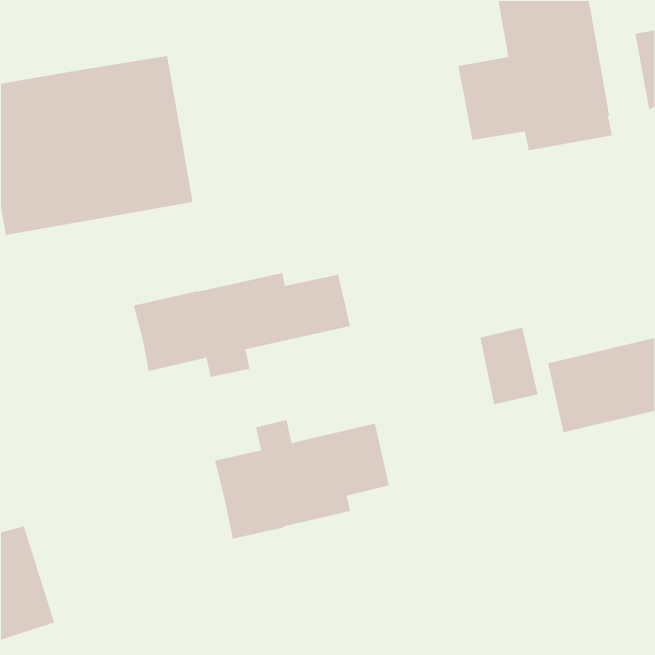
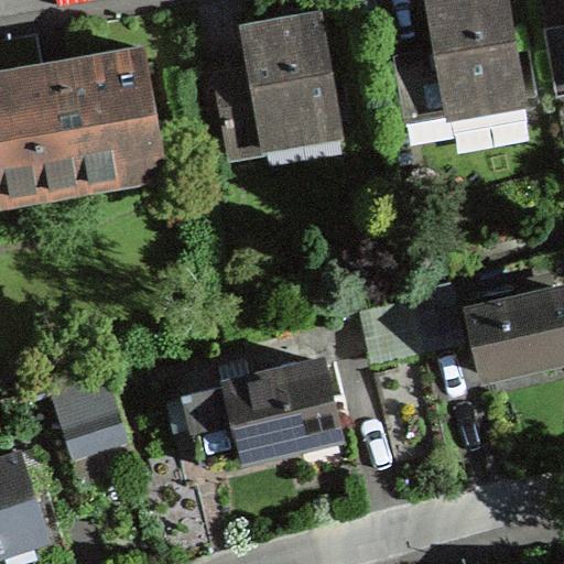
building: none -> [184,14,341,158]
building: [133,272,351,378] -> none
building: none -> [51,369,129,456]

